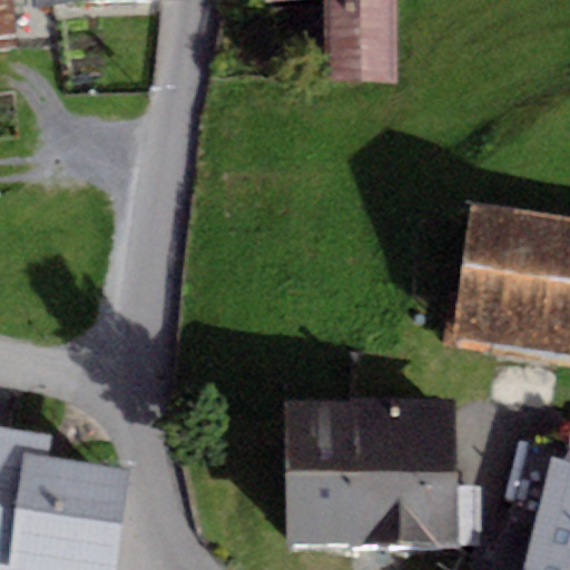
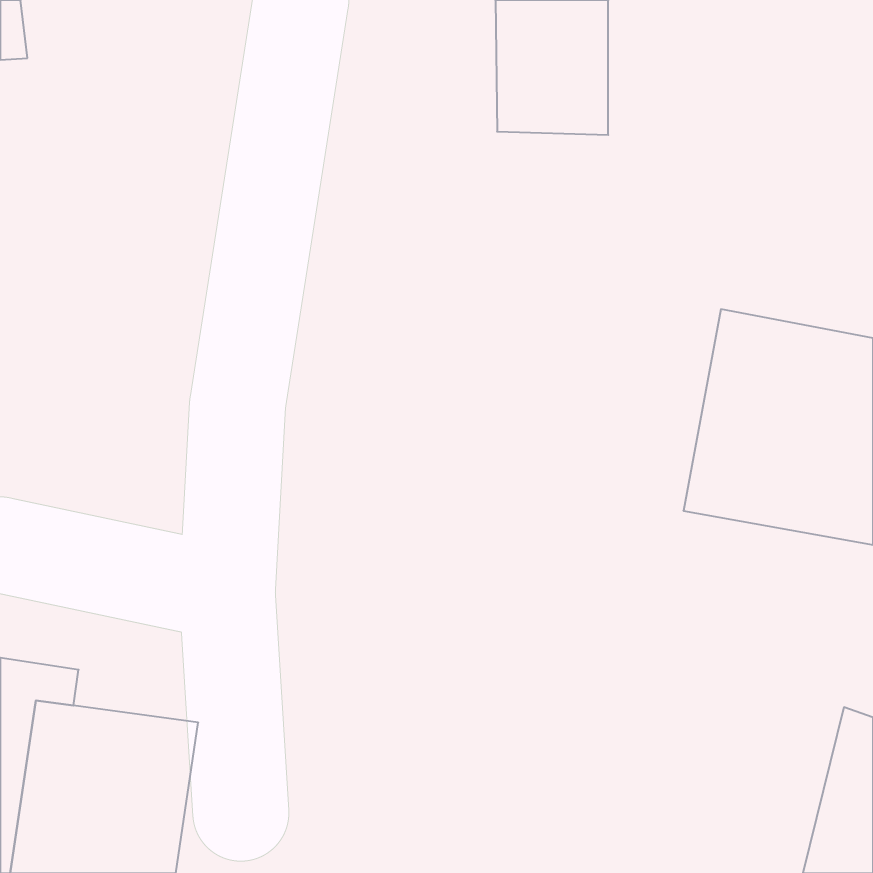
building: [283,399,455,544] -> none

